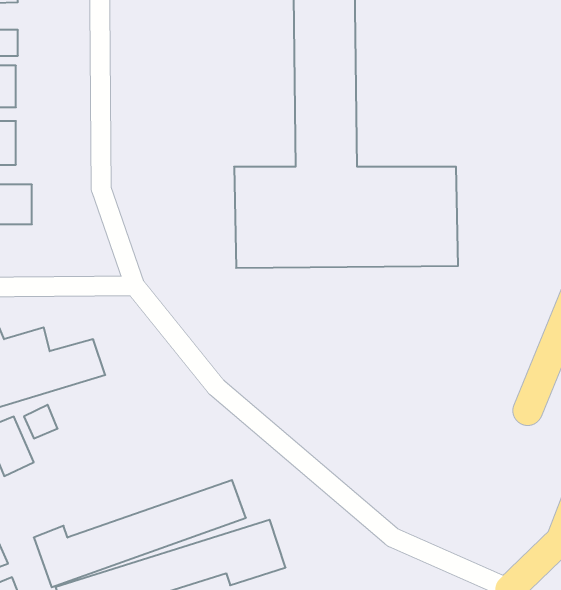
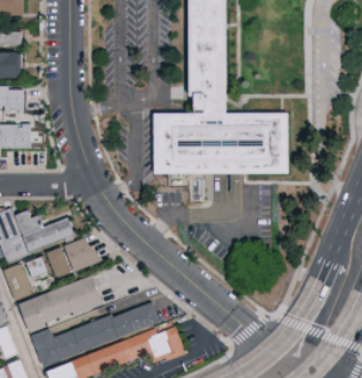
building: none -> [45,236,99,279]
building: none -> [18,277,103,331]

